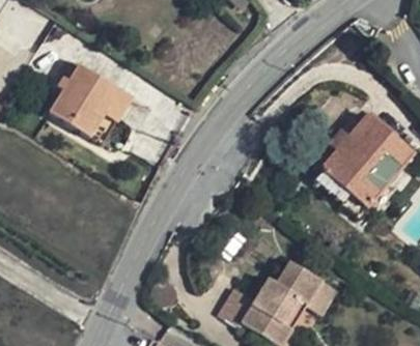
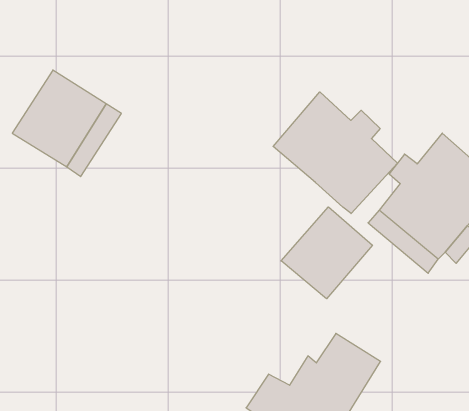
building: none -> [273,92,397,214]
building: none -> [281,207,372,299]

